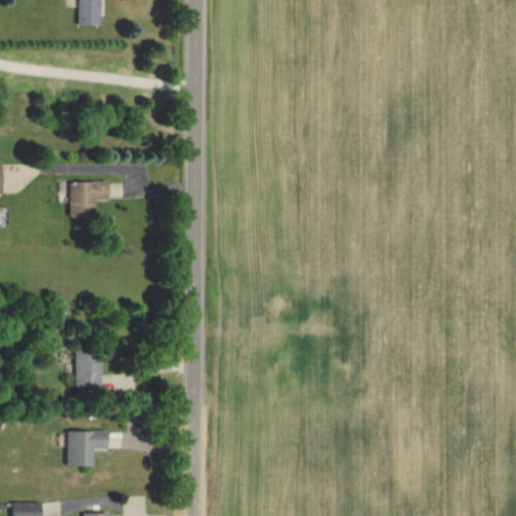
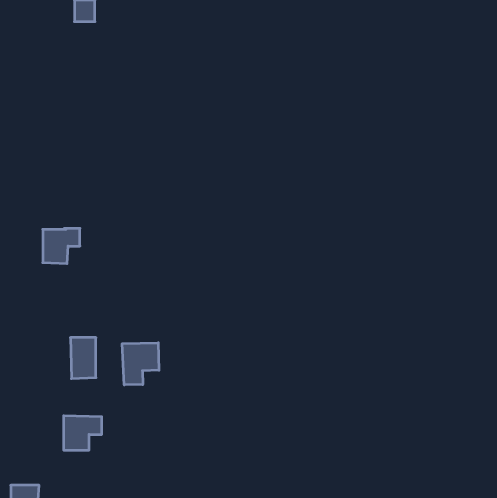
building: [69,181,107,218] -> [43,228,80,264]
building: none -> [122,343,159,385]

